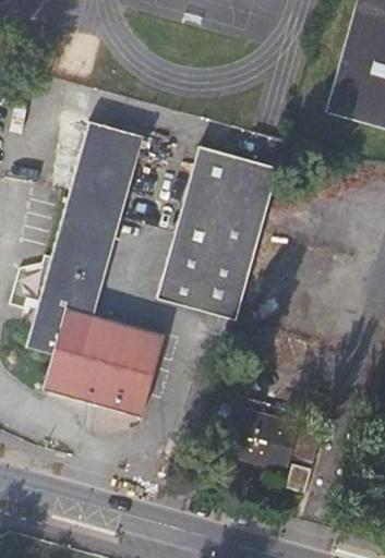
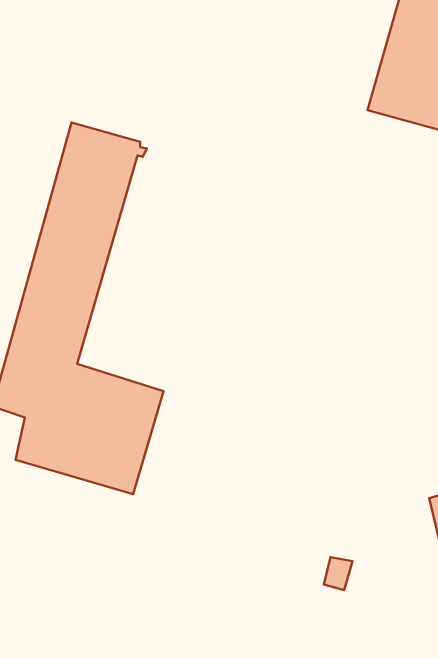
building: [158,141,279,317] -> none
building: [234,412,322,472] -> none

